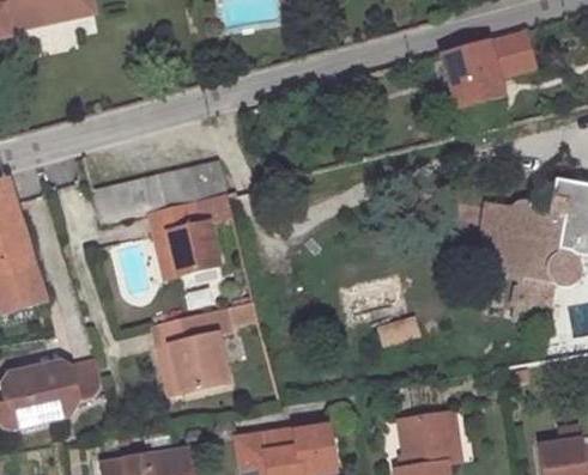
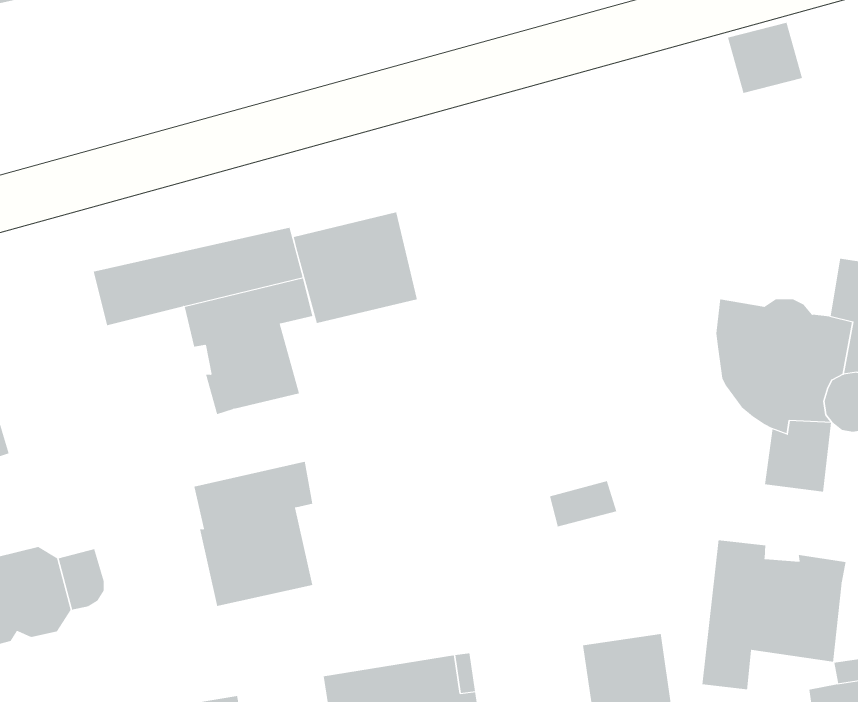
building: [438,43,502,110] -> none
building: none -> [293,212,417,324]
building: none -> [702,540,846,690]

